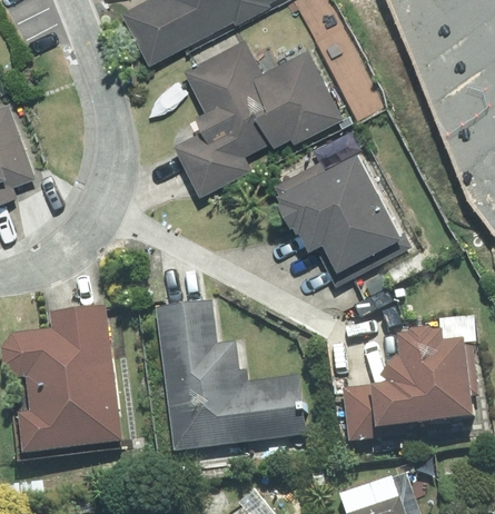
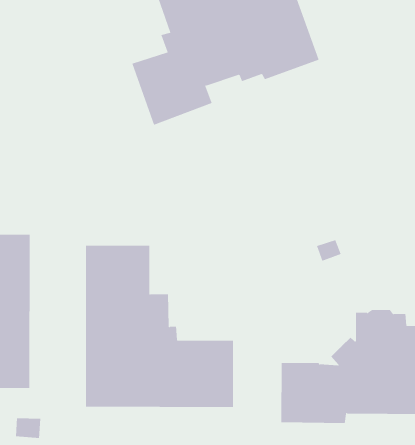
building: [274,149,412,285] -> none

